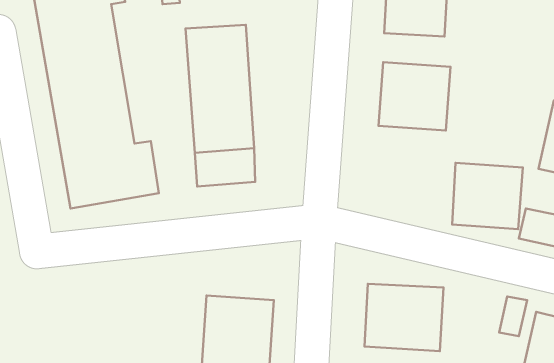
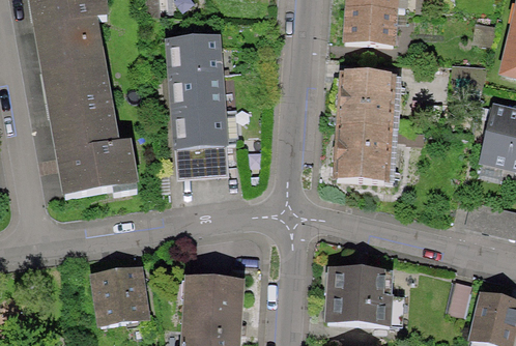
building: [452,163,523,229] -> [335,125,398,184]
building: none -> [88,265,151,326]

